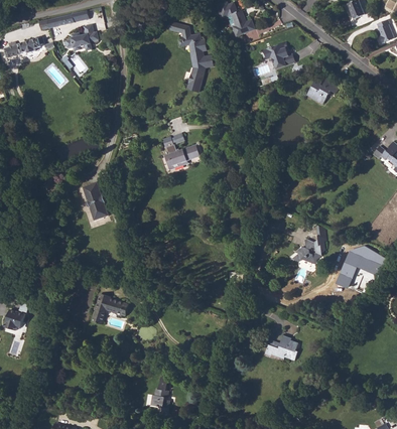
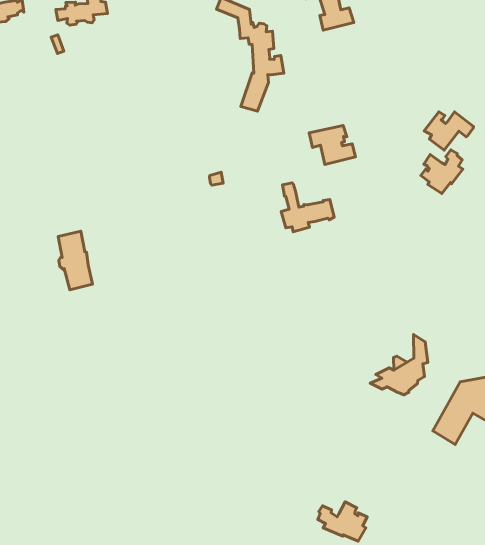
building: [264,42,295,68] -> [309,126,356,165]
building: none -> [421,150,463,193]
building: [163,137,198,168] -> [281,183,334,232]
building: [92,294,129,324] -> none

